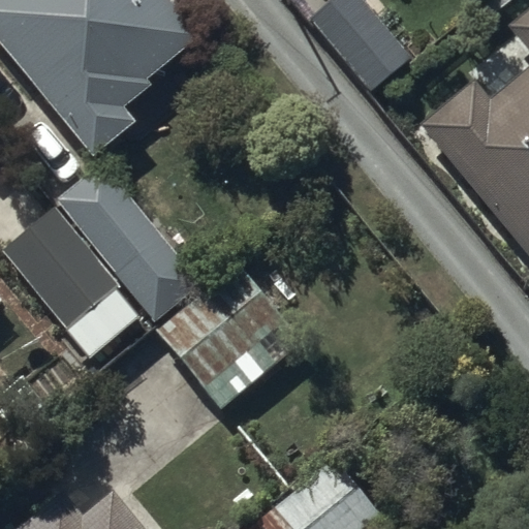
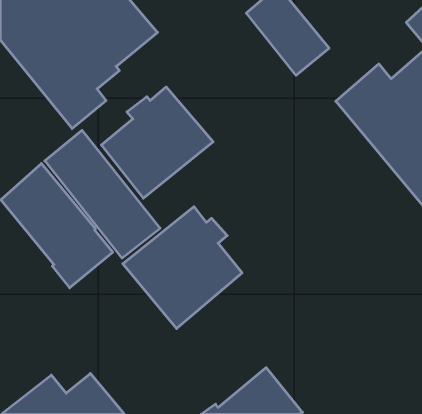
building: none -> [101,87,213,198]

